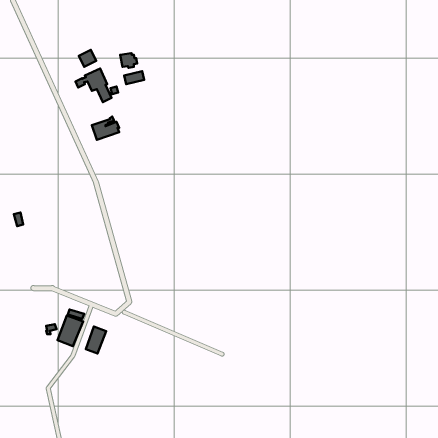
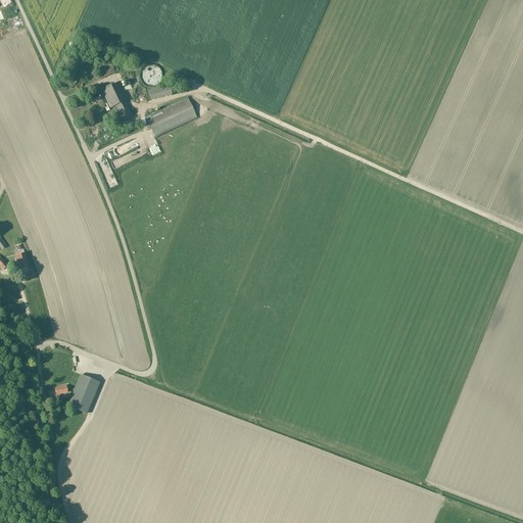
building: none -> [145,98,196,137]
building: [86,327,106,353] -> none

